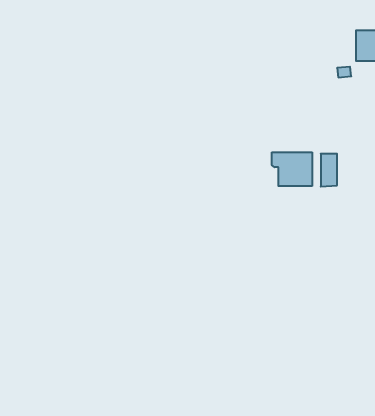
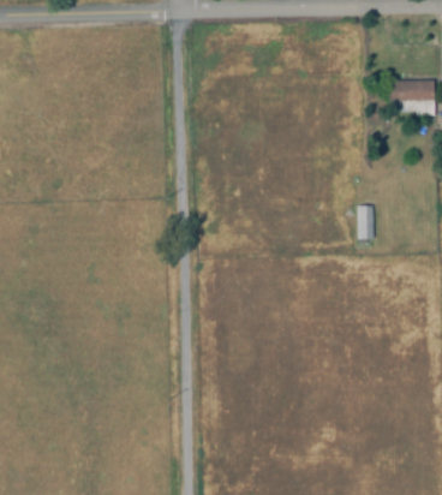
building: [272,152,312,186] -> none

